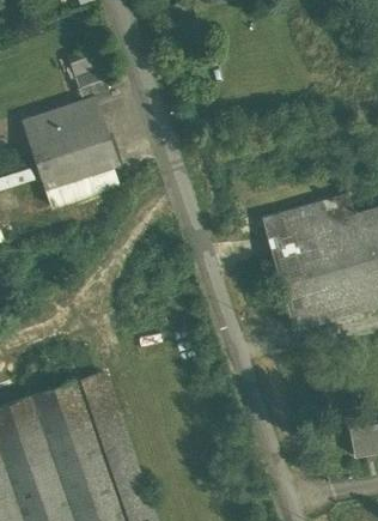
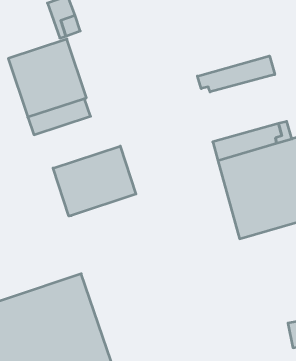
building: none -> [197,56,275,92]
building: none -> [53,146,136,216]

